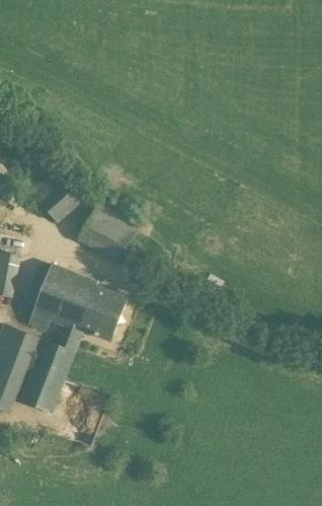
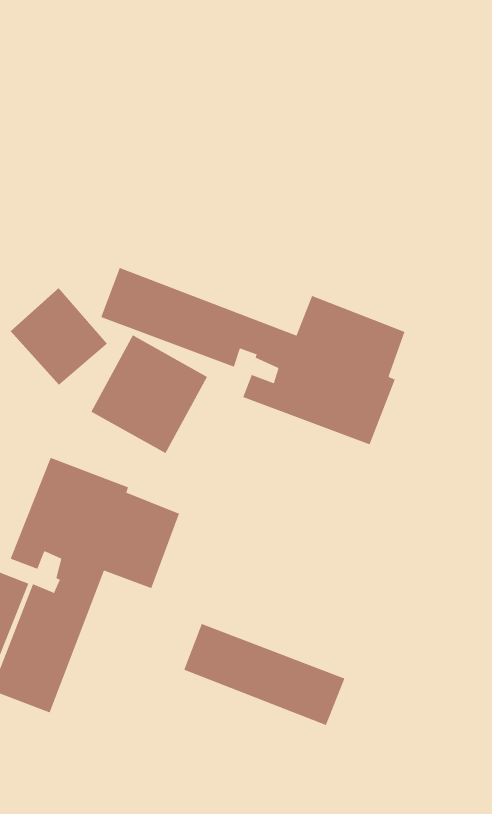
building: none -> [100,267,405,445]
building: none -> [183,623,345,726]

